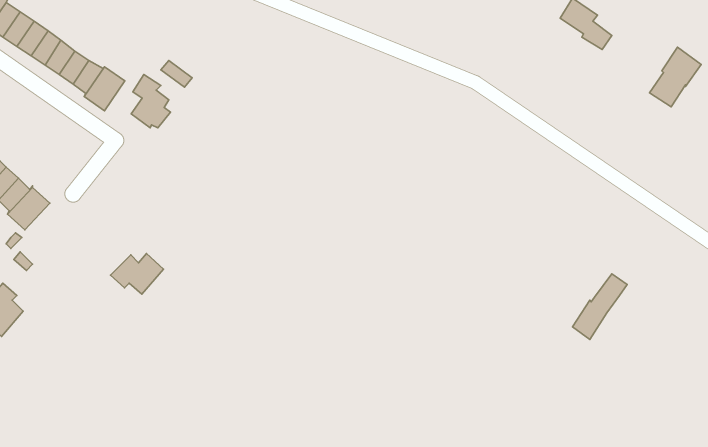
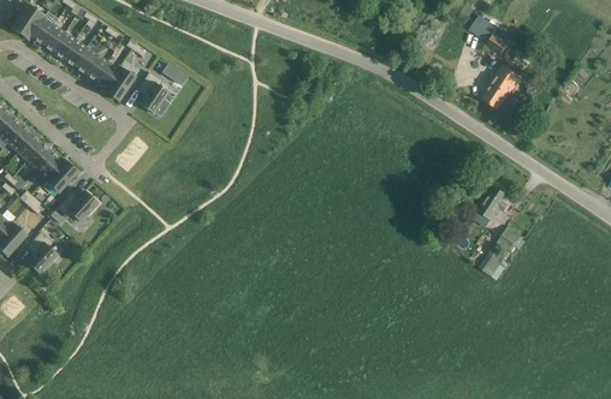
building: [649,47,701,107] -> [481,64,521,109]
building: none -> [477,186,508,219]
building: [110,253,164,294] -> [57,191,97,222]

